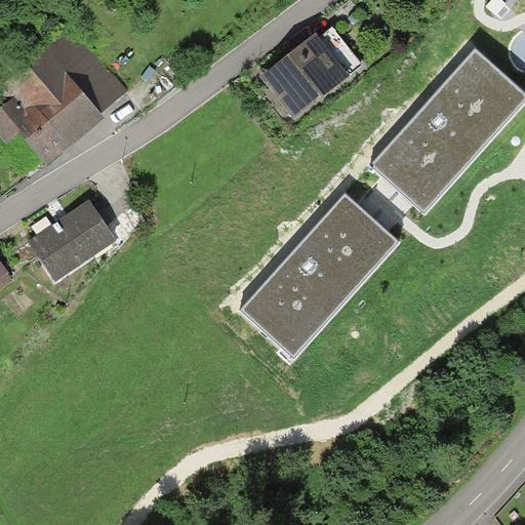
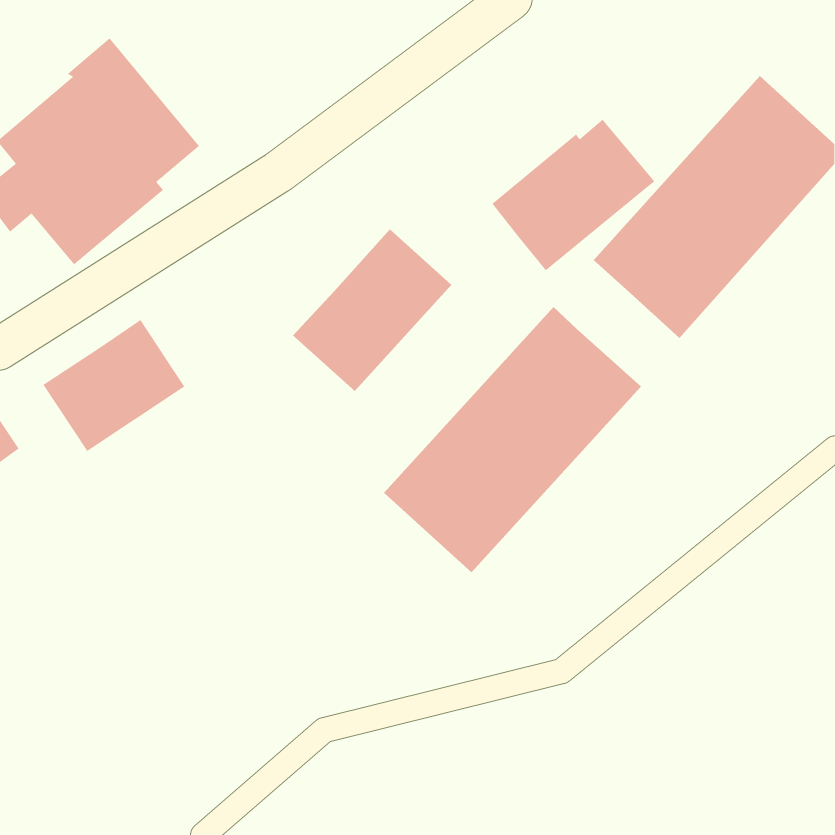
building: [261,25,364,120] -> [491,119,655,271]
building: none -> [292,229,452,392]

